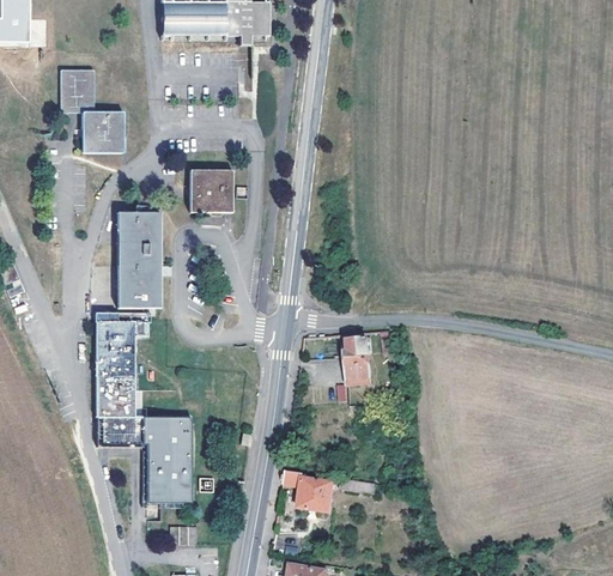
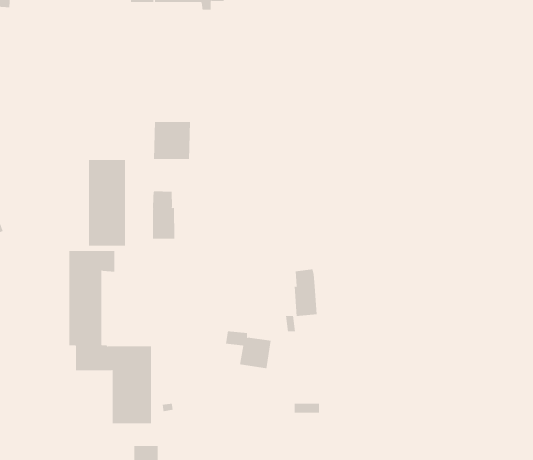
building: [59,69,122,151] -> none
building: none -> [153,191,175,240]
building: [283,471,334,513] -> [225,331,272,369]

